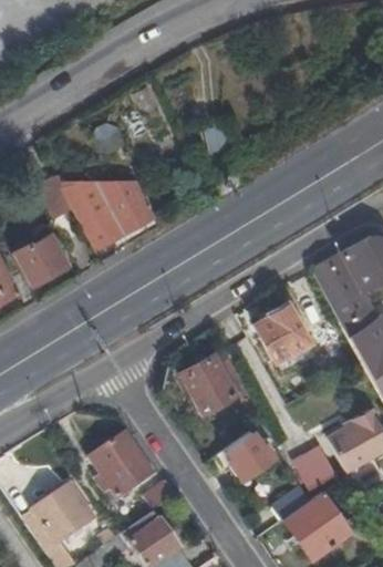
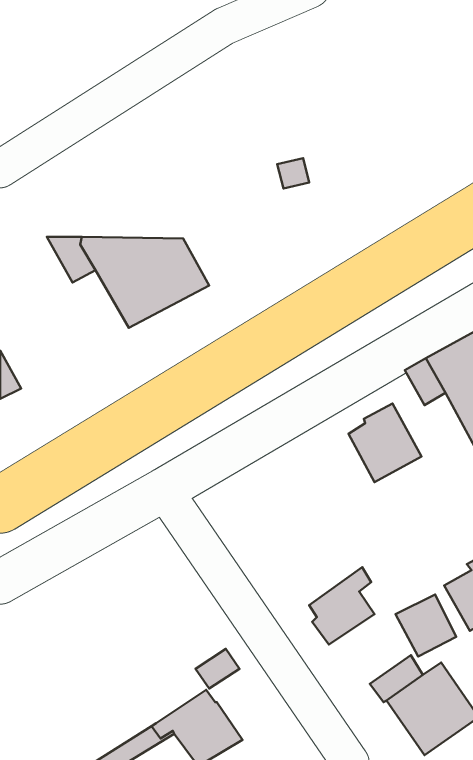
building: [11,234,68,286] -> none
building: [183,350,262,420] -> none
building: [91,434,153,498] -> none
building: [23,484,94,550] -> none

